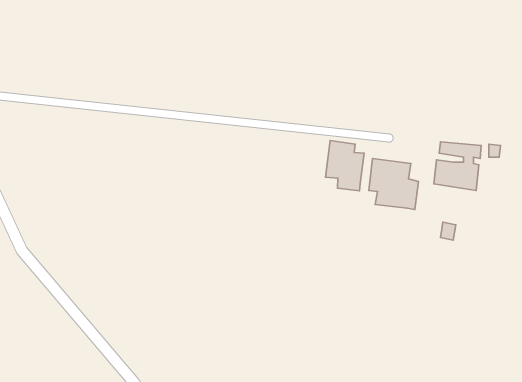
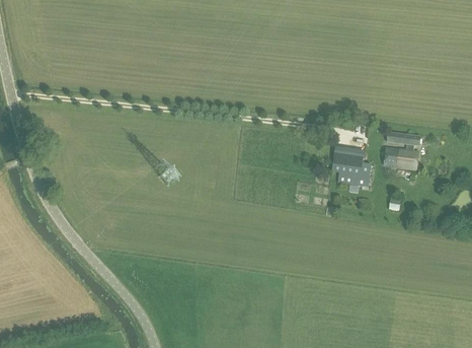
building: [326,141,364,191] -> none

